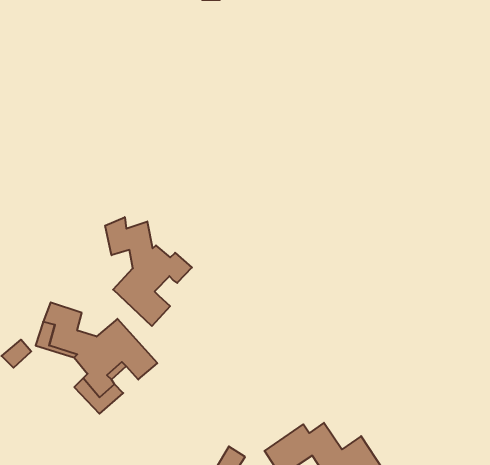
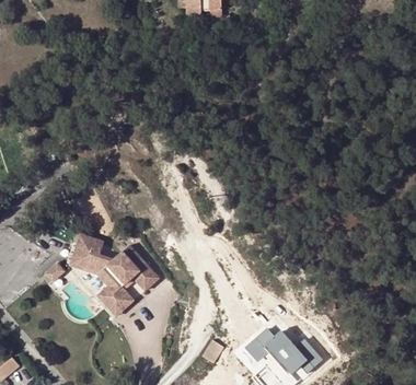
building: [105,217,192,326] -> none

